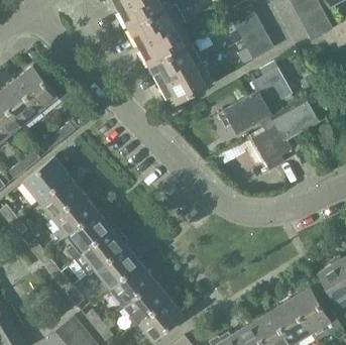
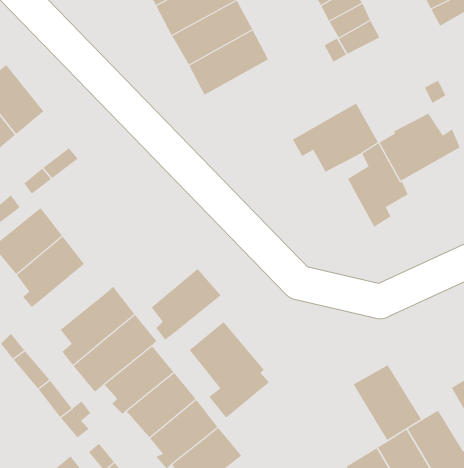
building: [251,62,291,116] -> none
building: [159,63,212,105] -> none
building: [52,194,98,240] -> [151,268,222,341]
building: none -> [189,321,270,418]
building: none -> [353,365,422,441]

